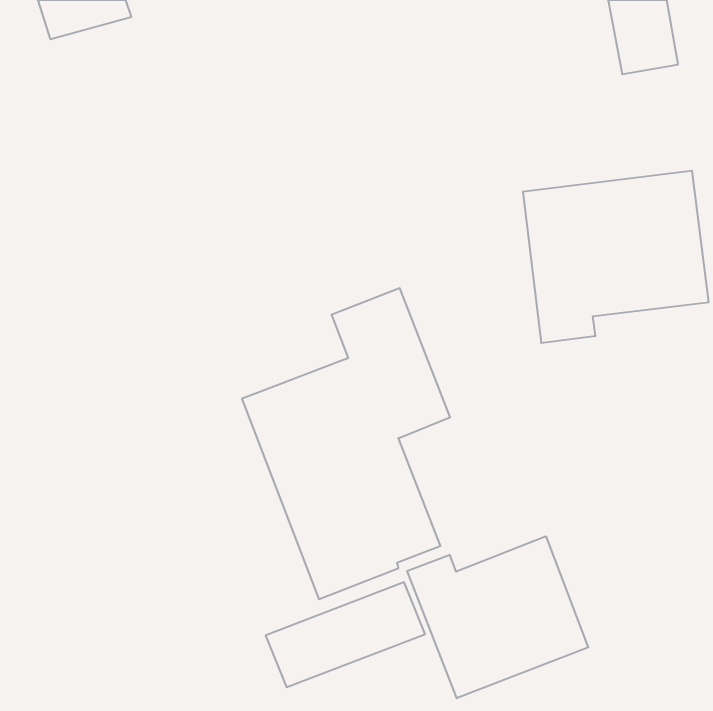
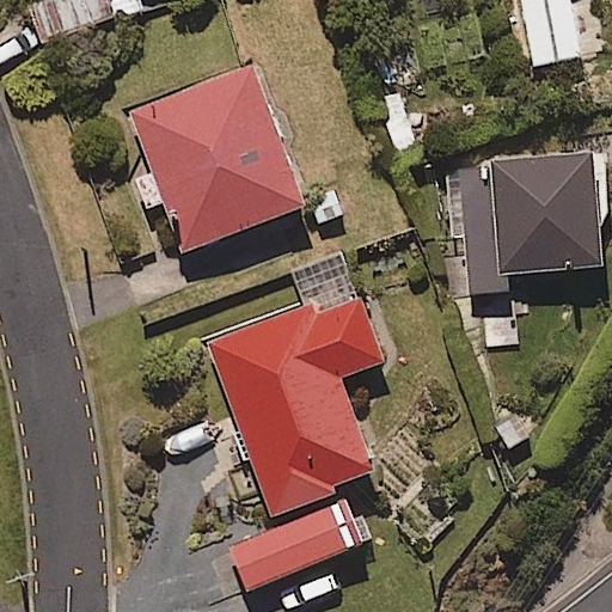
building: none -> [129,65,306,253]
building: [407,536,588,698] -> none

